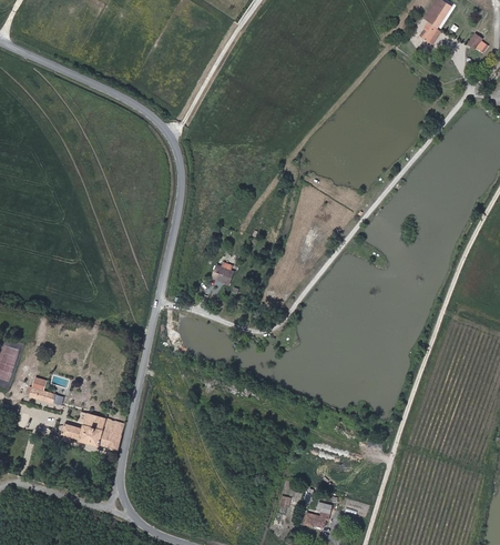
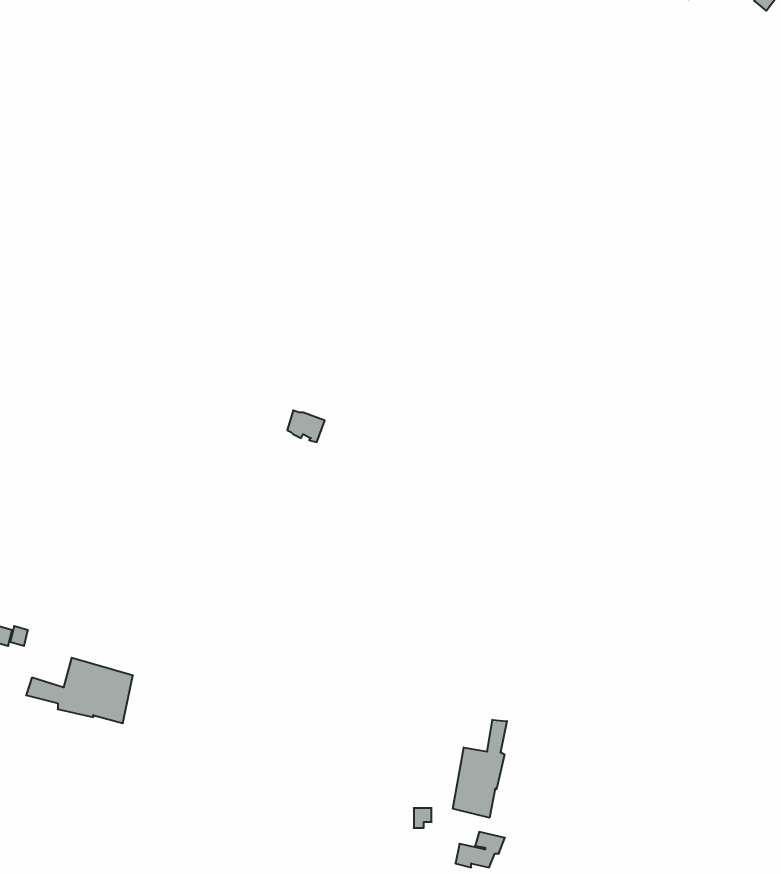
building: none -> [453,720,507,818]

